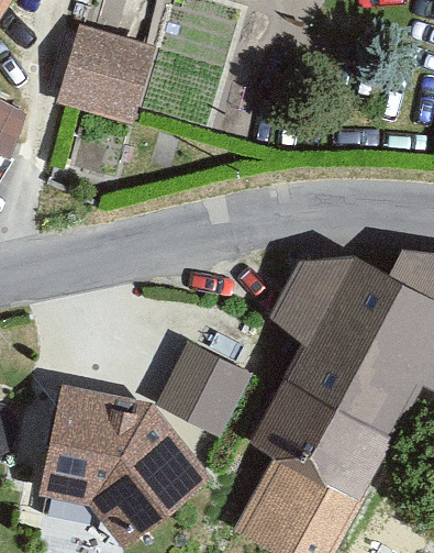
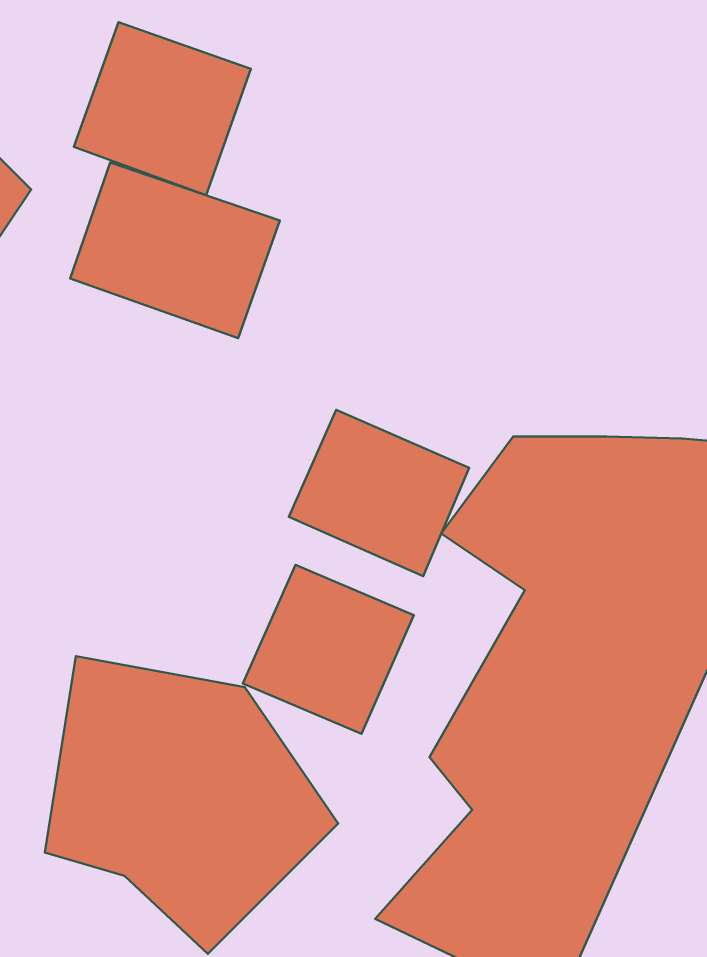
building: none -> [70,162,280,338]
building: none -> [289,410,469,576]

